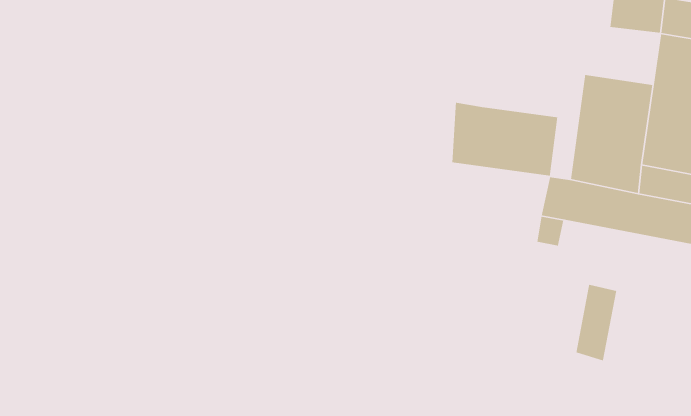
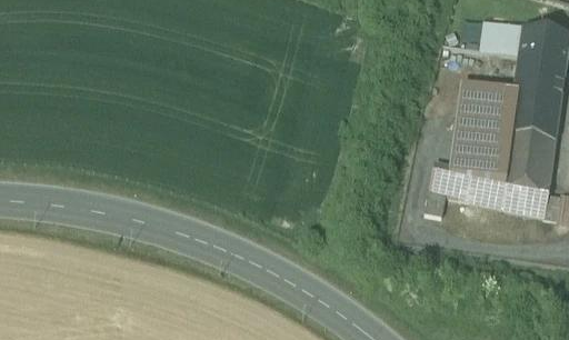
building: [452,102,558,177] -> none
building: [575,282,617,361] -> none

